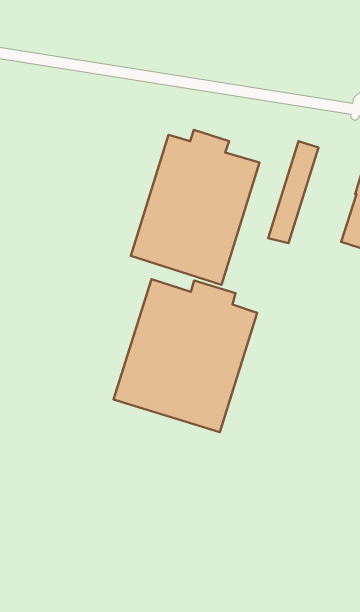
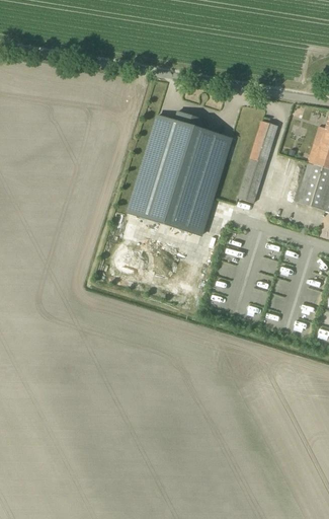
building: [113,279,257,432] -> none

